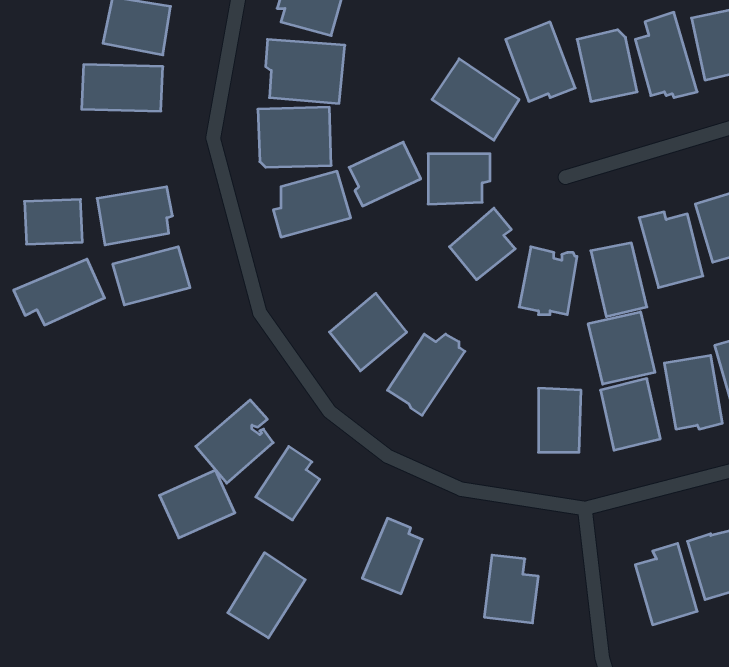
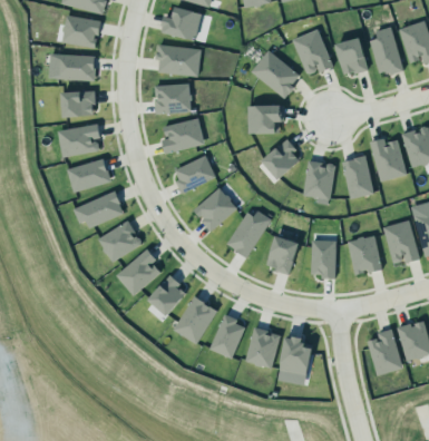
building: [349,142,421,206] -> [173,154,214,190]
building: [24,199,82,244] -> [62,90,96,116]
building: [14,259,105,325] -> [72,190,125,228]
building: [588,312,655,384] -> none
building: none -> [266,232,300,273]
building: [159,470,235,538] -> [98,222,142,261]
building: none -> [247,327,279,368]
building: [228,553,305,638] -> [174,295,218,344]

